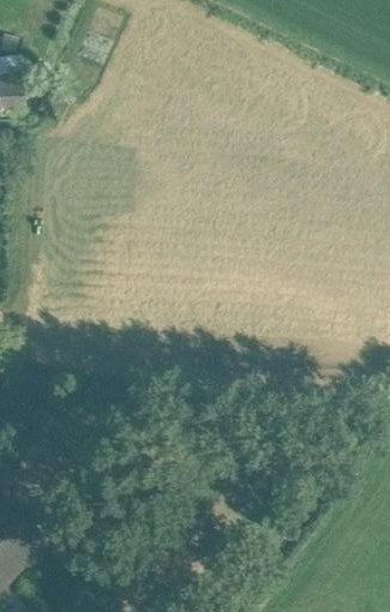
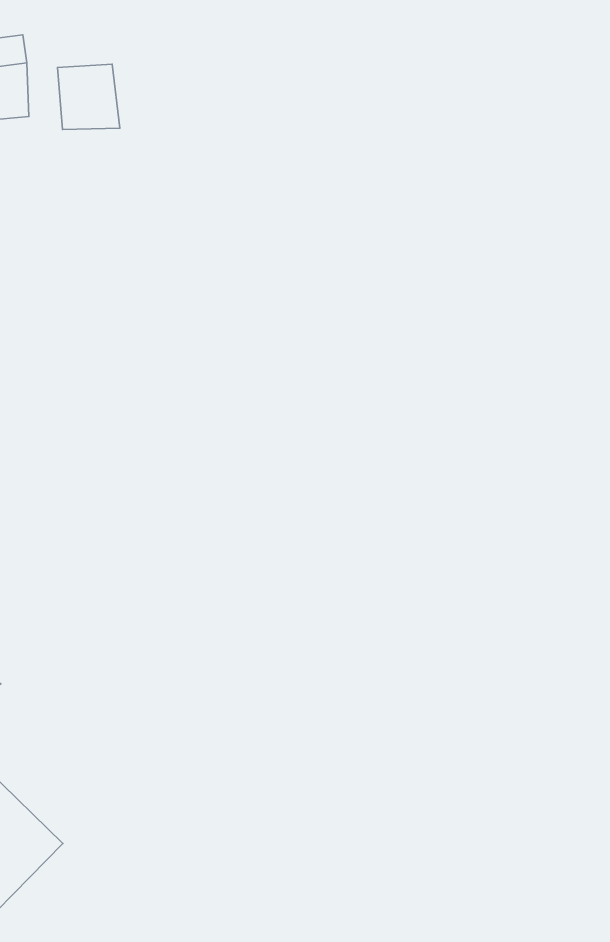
building: none -> [58,64,120,130]

